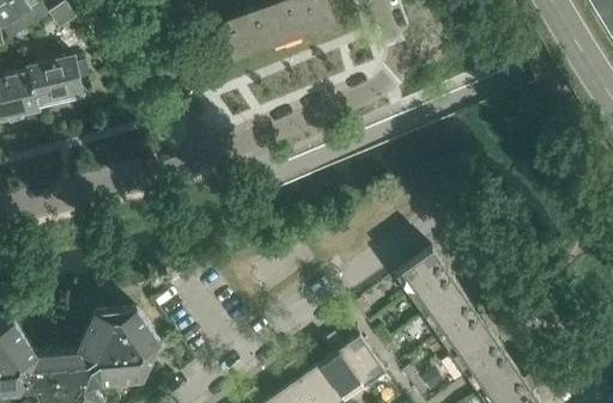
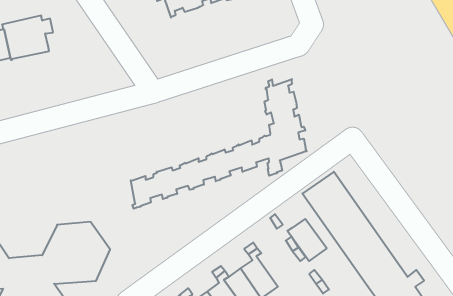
building: none -> [131,79,307,209]
building: [338,336,386,387] -> [287,219,327,261]

